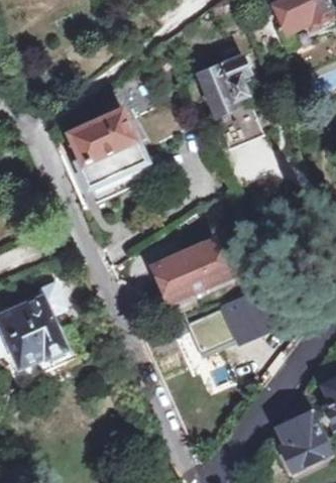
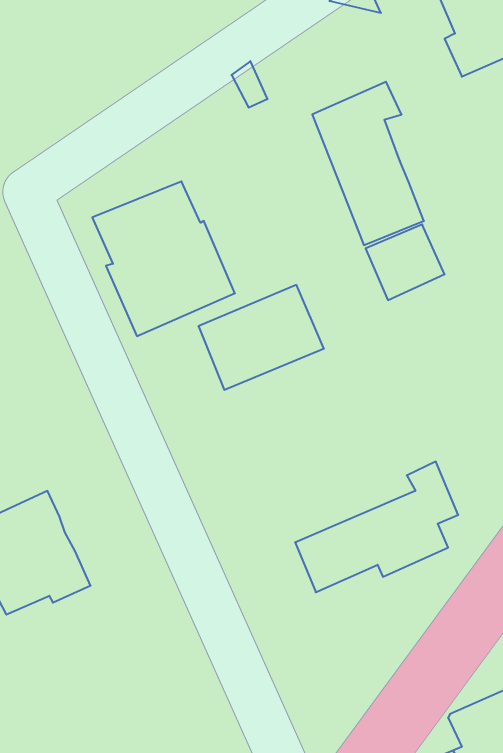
building: [153,241,227,303] -> [198,285,324,390]

